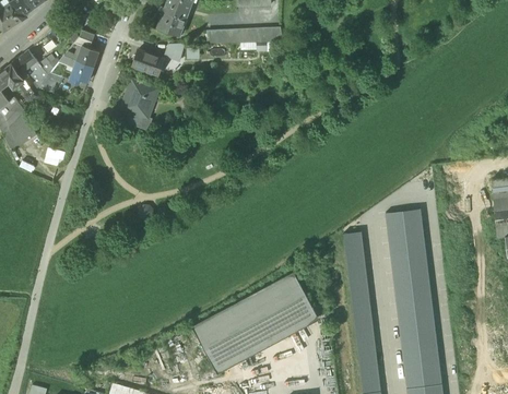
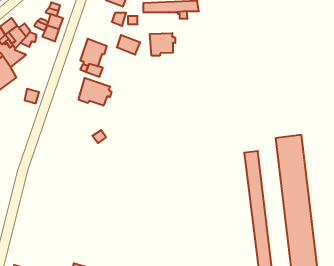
building: [132,49,164,75] -> [117,35,140,55]
building: none -> [150,33,175,56]
building: none -> [79,78,112,106]
building: [194,274,316,369] -> none

